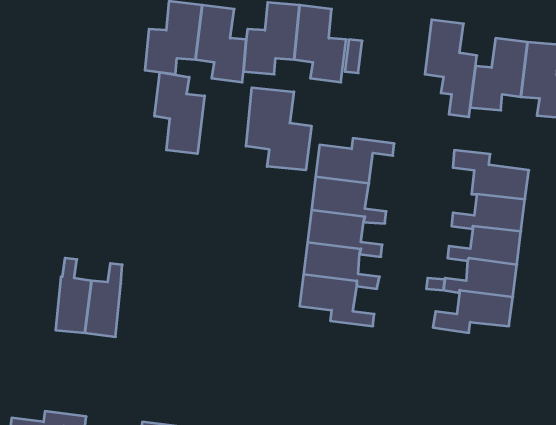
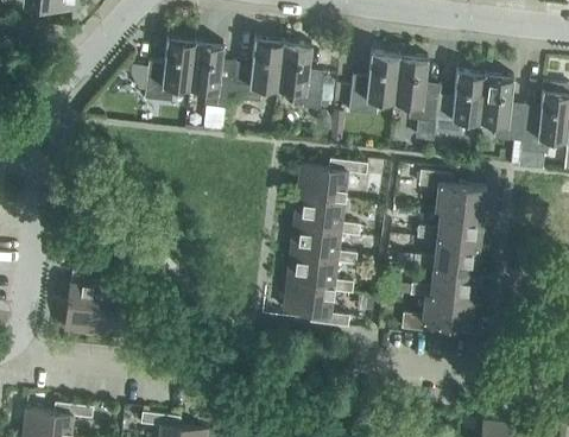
building: none -> [349,52,400,116]
building: [155,72,205,154] -> none
building: [246,88,311,170] -> none

